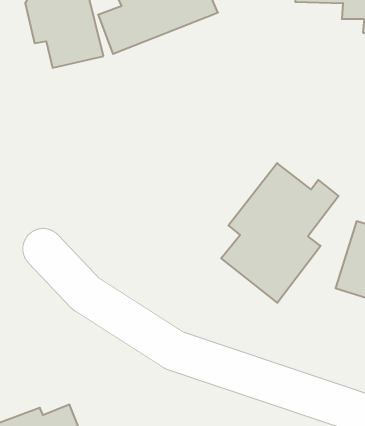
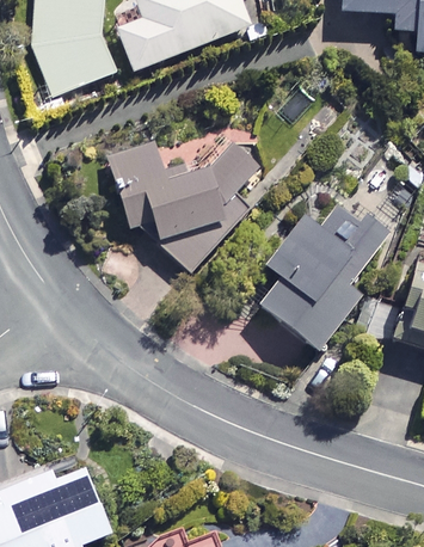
building: none -> [106,128,282,278]

